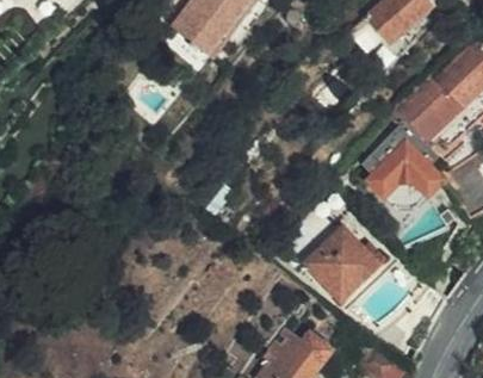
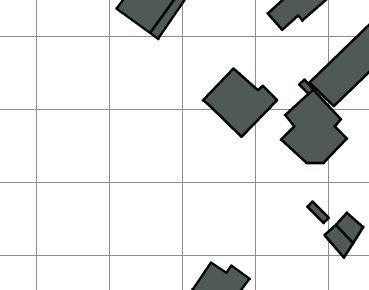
building: [296,221,383,300] -> [203,69,277,137]

